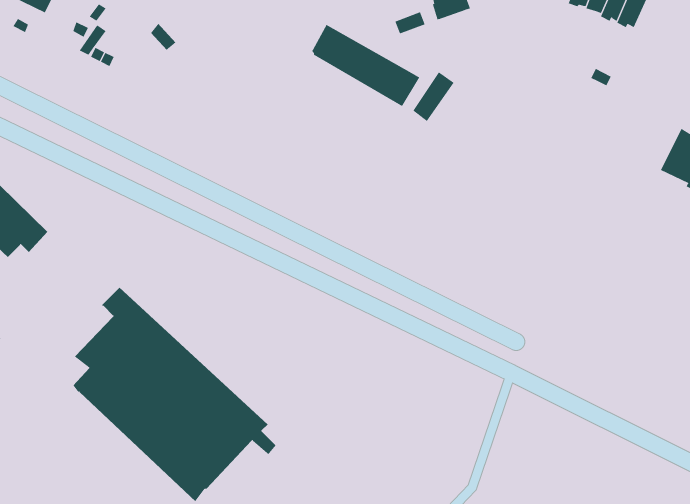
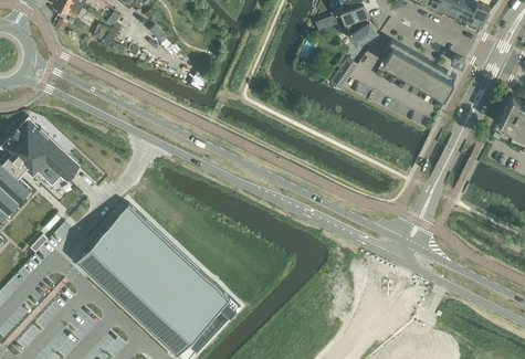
building: none -> [345,17,375,45]
building: [310,24,420,107] -> [379,42,454,98]

